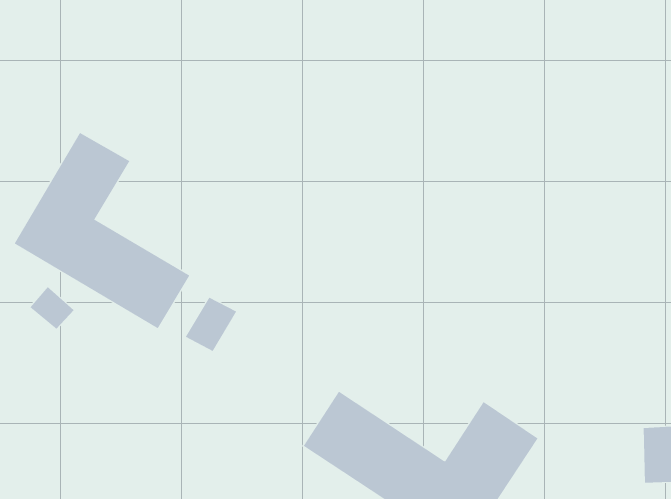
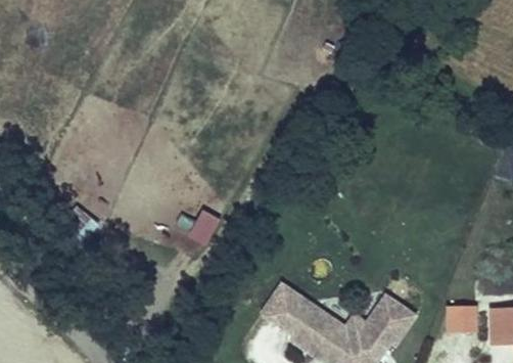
building: [14,132,190,329] -> none
building: none -> [446,304,478,334]

